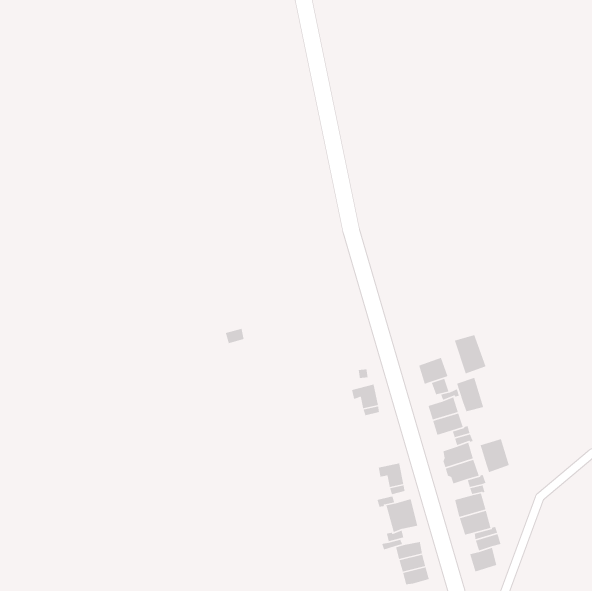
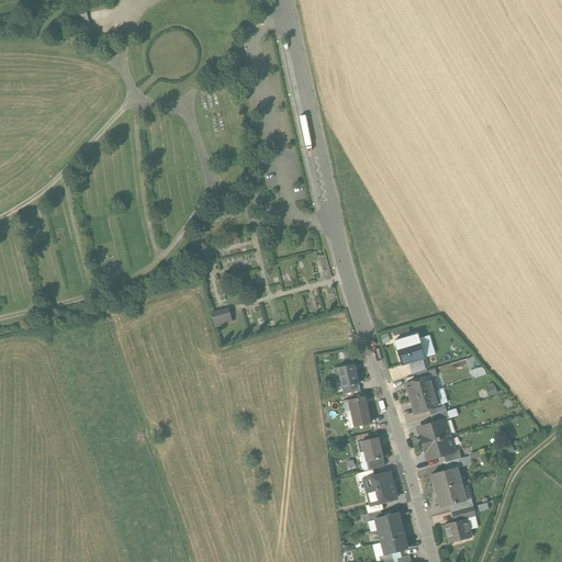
building: [454,334,487,374] -> none
building: [456,377,484,412] -> none
building: none -> [345,396,371,427]
building: [479,438,510,473] -> none

